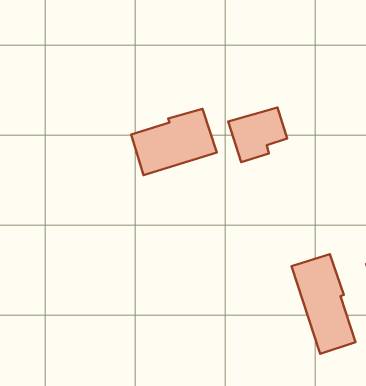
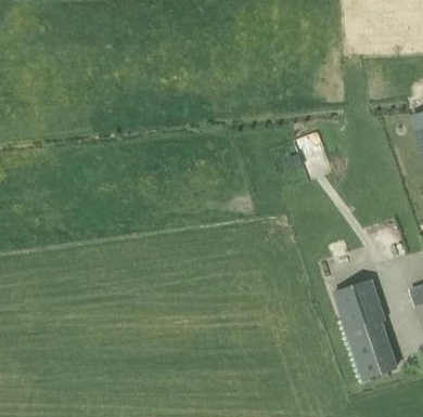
building: [131,109,217,175] -> none

